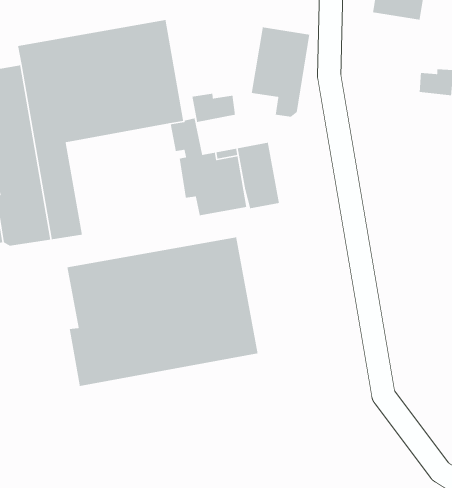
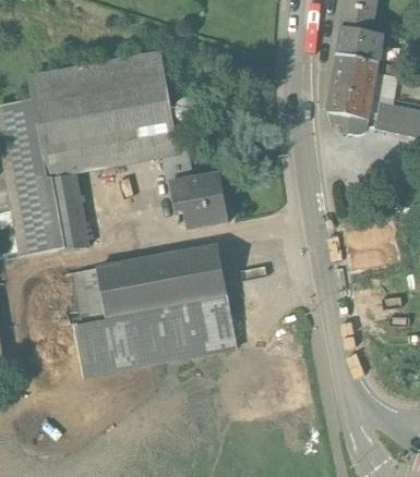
building: [251,27,310,118] -> [327,51,379,130]
building: [192,93,236,123] -> none
building: [237,142,280,209] -> none

